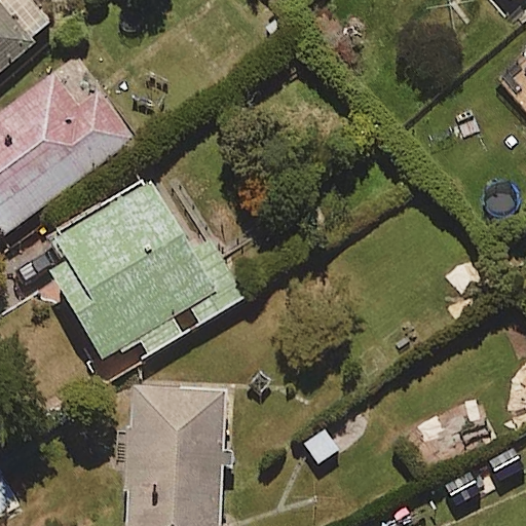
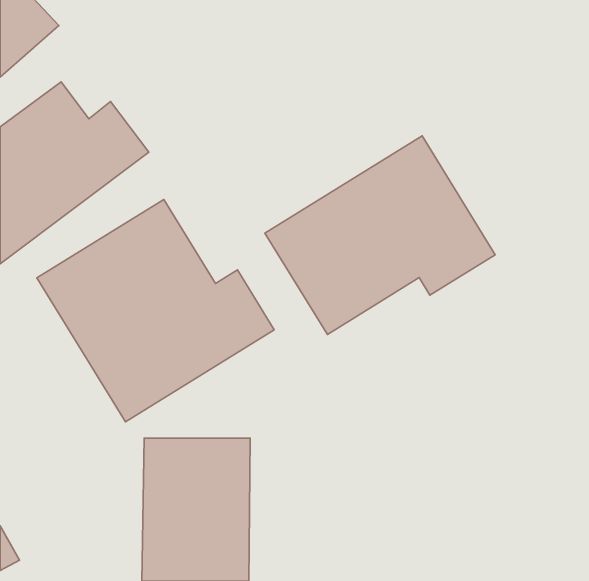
building: none -> [265,136,495,334]

